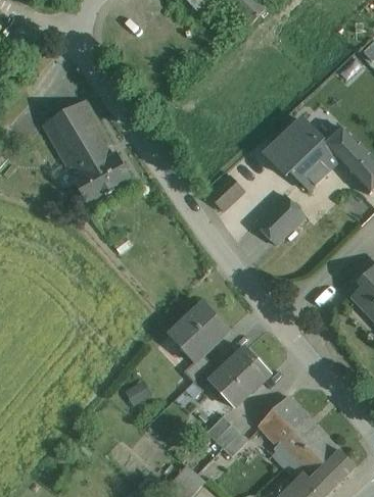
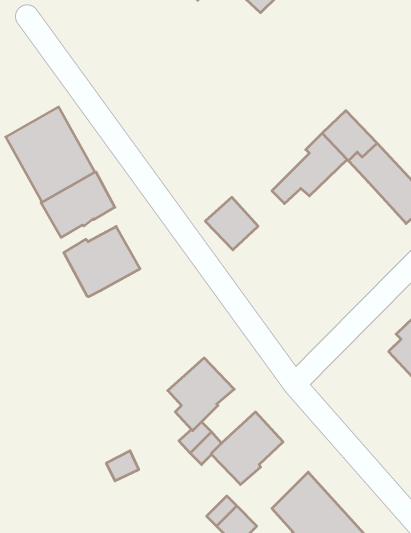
building: [290,142,338,189] -> none
building: [254,194,306,244] -> none
building: none -> [64,226,140,297]

